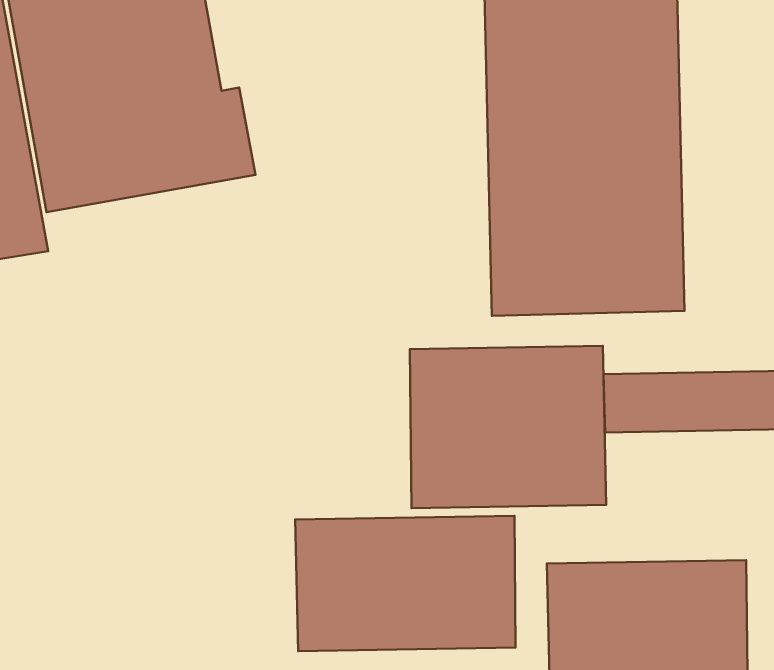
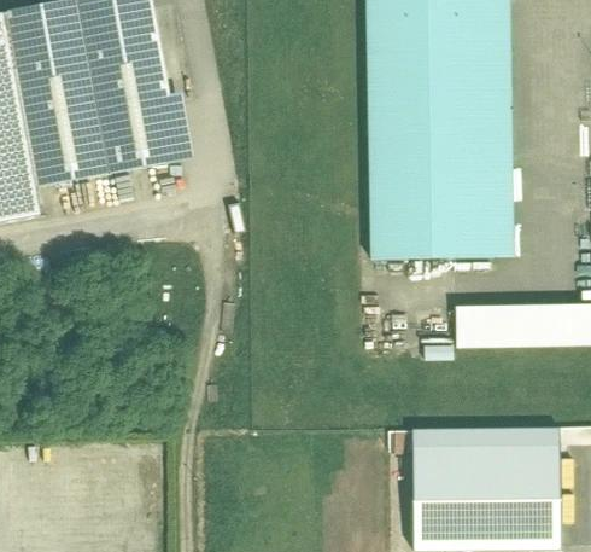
building: [410,346,606,508] -> none
building: [295,516,515,651] -> none

